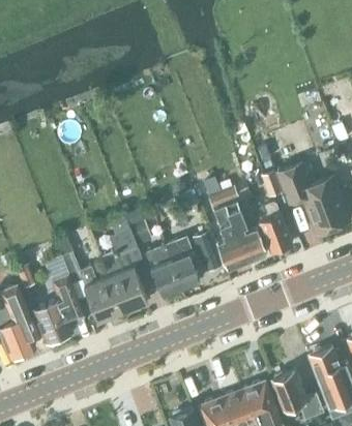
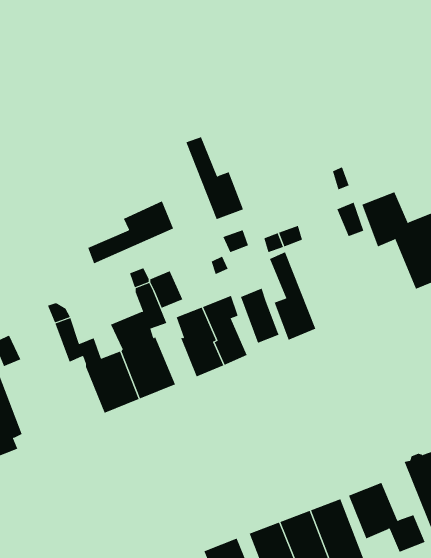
building: none -> [87,201,174,264]
building: [259,201,291,250] -> none
building: [225,202,266,261] -> [186,136,244,220]
building: [33,275,83,341] -> none

